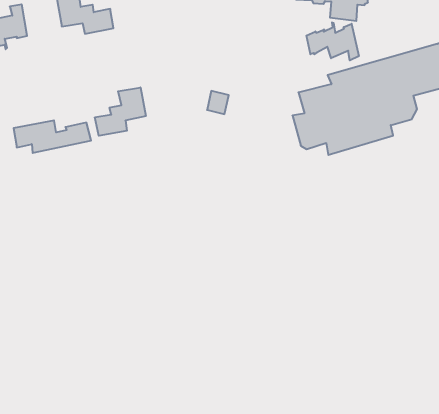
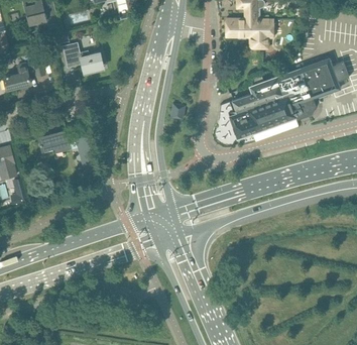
building: [306,22,359,60] -> none
building: [95,87,146,136] -> none

